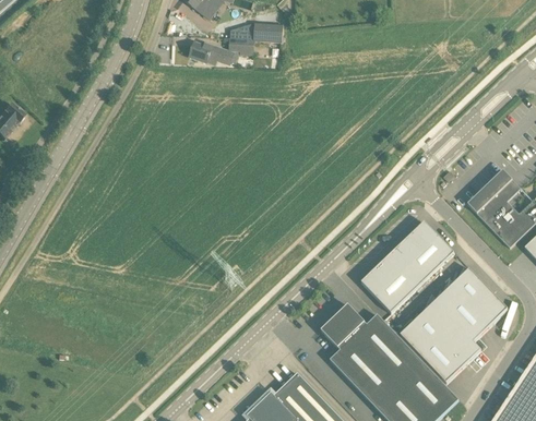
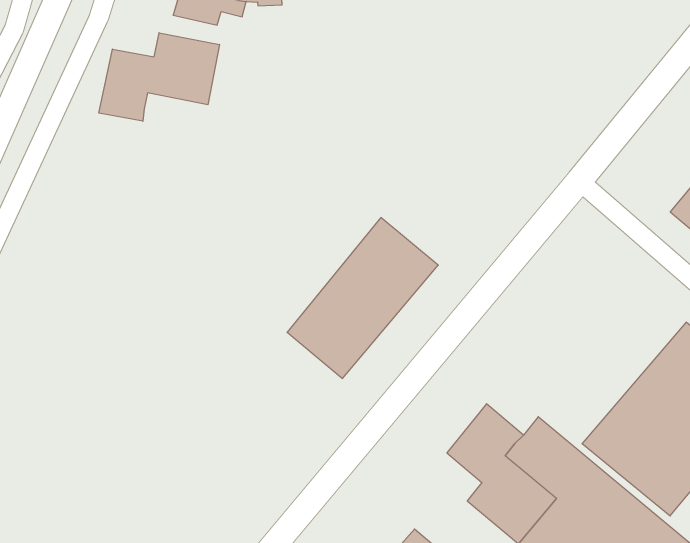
building: none -> [99,33,219,121]
building: [361,221,454,313] -> [287,218,438,378]

